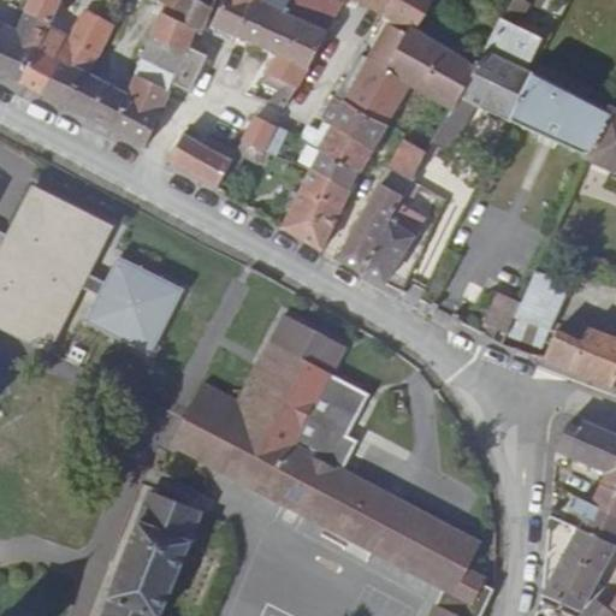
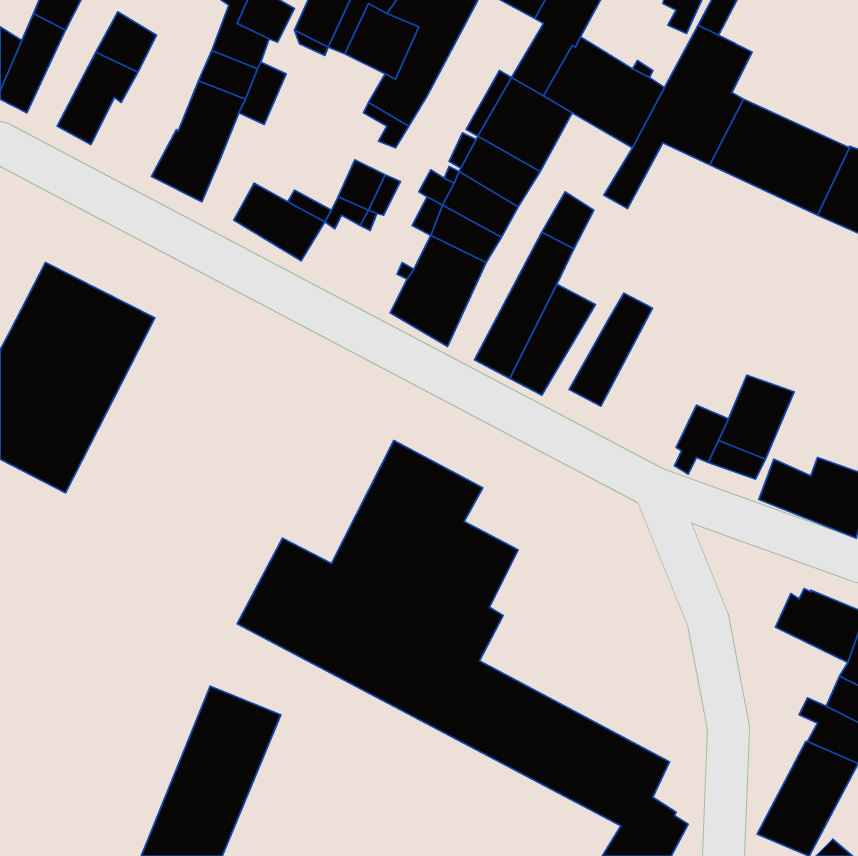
building: [20,24,70,90] -> none
building: [66,70,128,126] -> none
building: none -> [569,293,652,406]
building: [84,251,186,357] -> none

